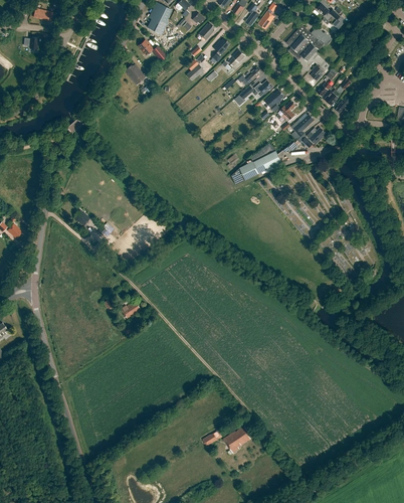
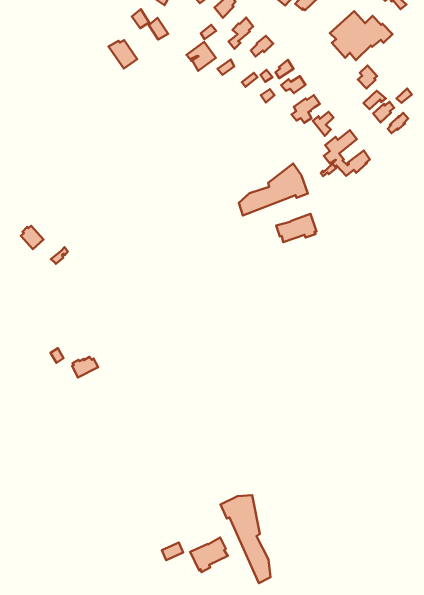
building: none -> [276,214,317,242]
building: none -> [220,495,270,583]

